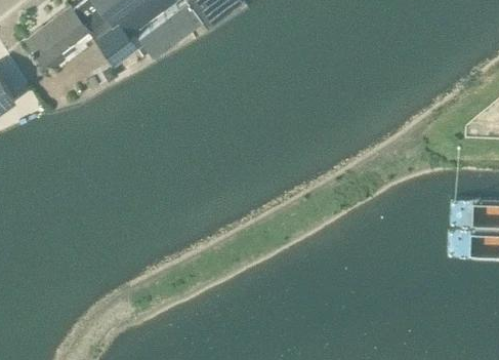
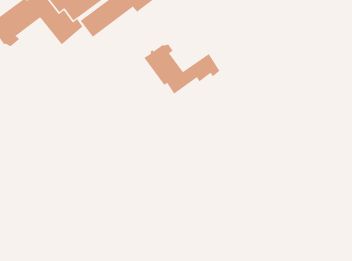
building: none -> [144,44,220,95]

